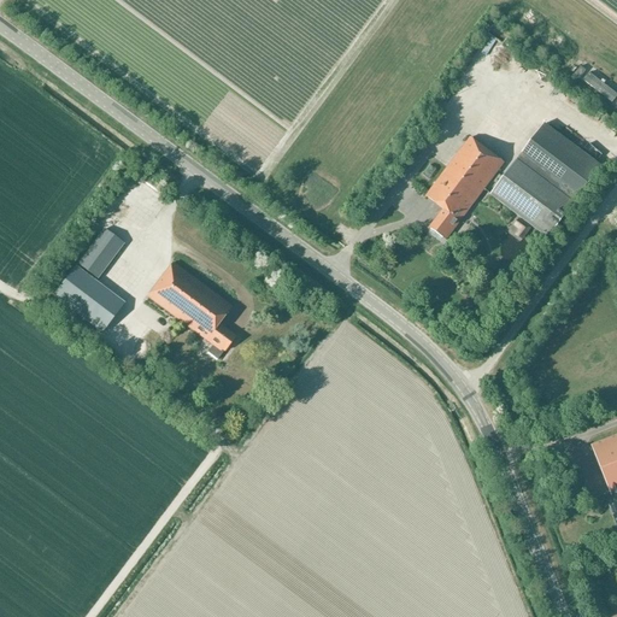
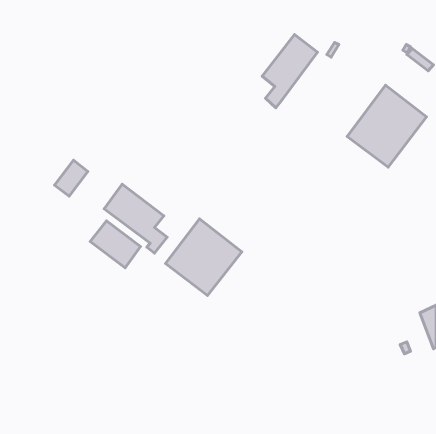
building: [425,135,504,239] -> [262,34,318,108]
building: [53,265,124,331] -> [90,221,141,268]
building: none -> [166,219,242,296]

